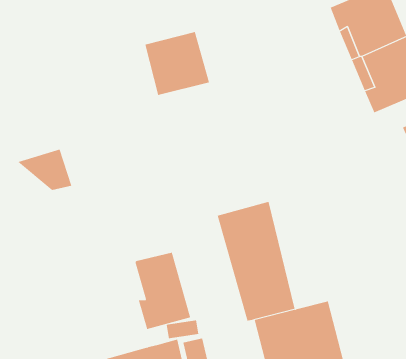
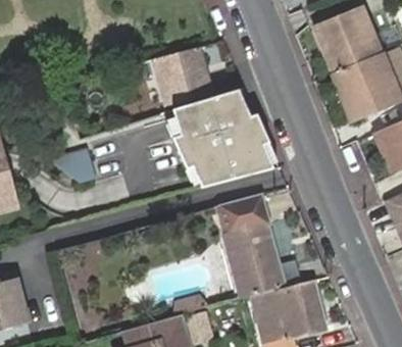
building: none -> [166,88,281,189]
building: [135,252,191,330] -> none

